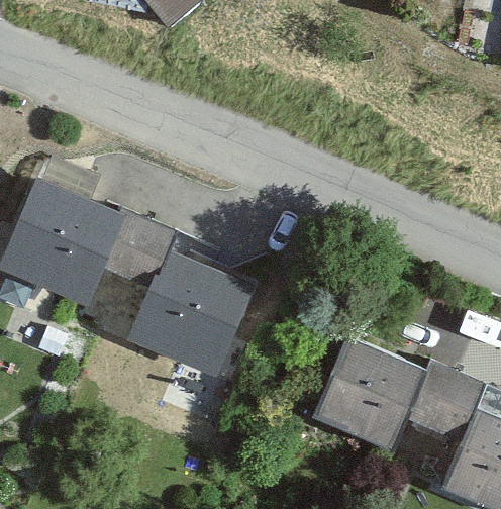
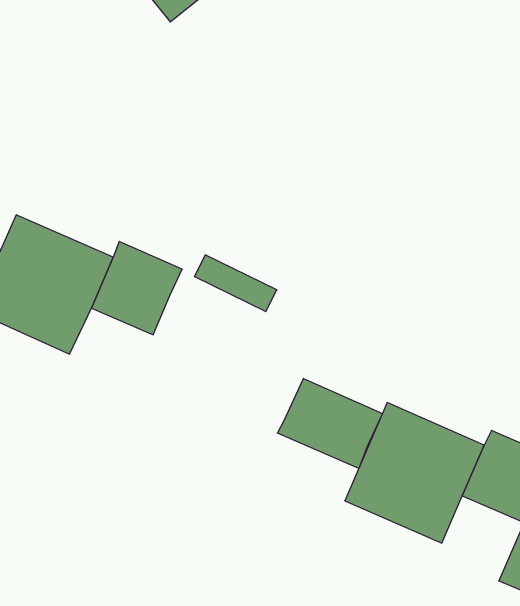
building: [132,248,247,365] -> none
building: none -> [277,378,382,468]

